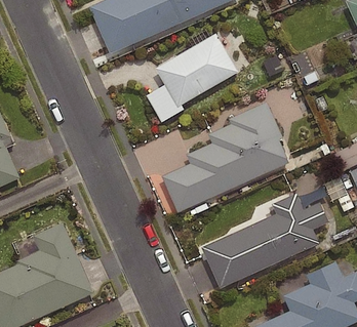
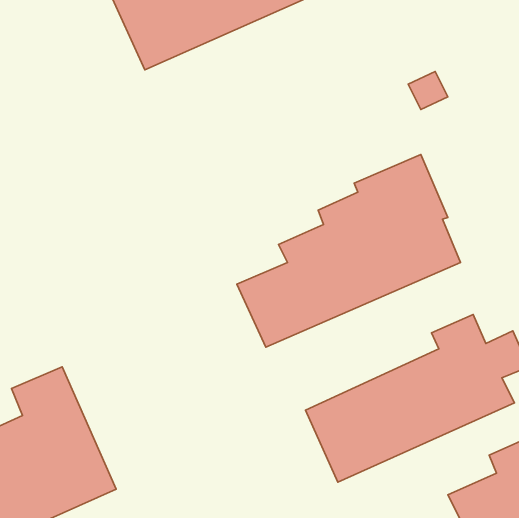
building: [154,33,239,108] -> none

